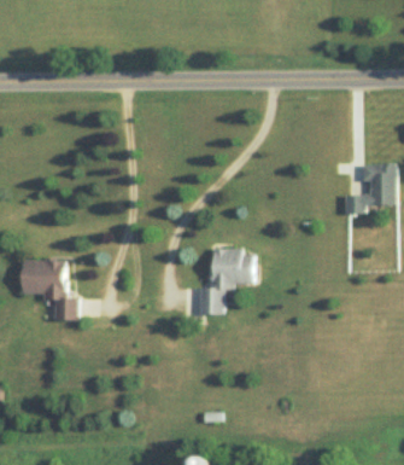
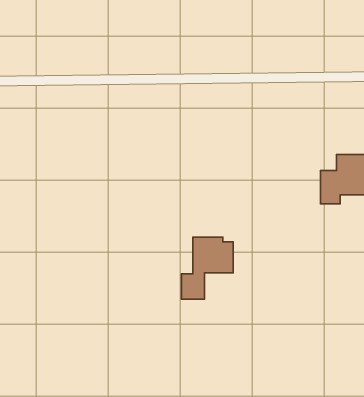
building: [22,260,78,321] -> none

